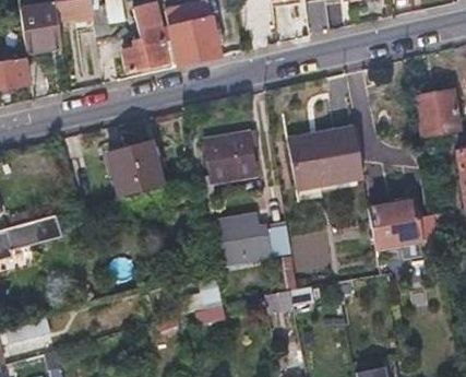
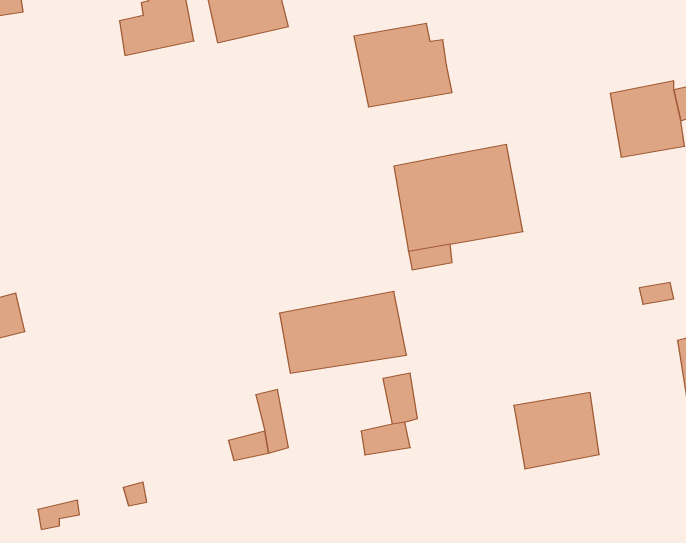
building: [200,138,259,188] -> [354,23,452,107]
building: [108,148,164,200] -> none
building: [368,203,419,249] -> [514,393,599,469]

